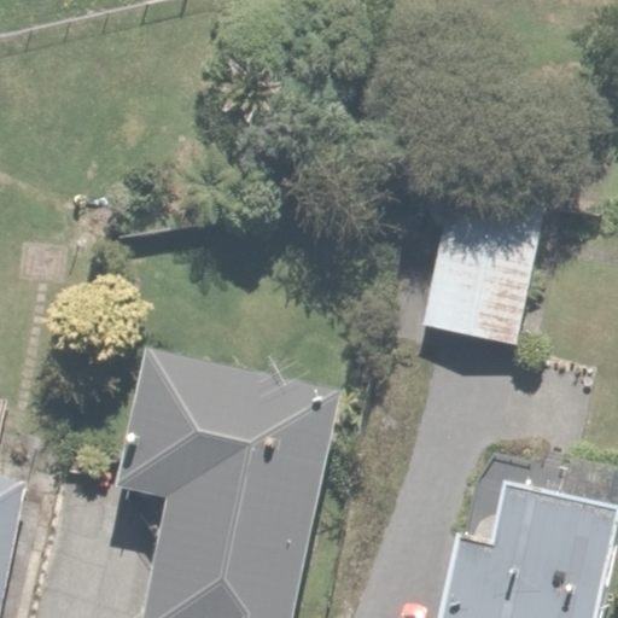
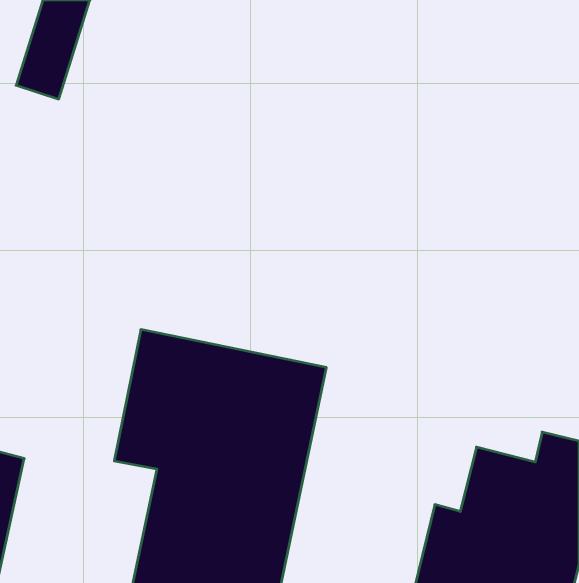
building: [416,186,544,348] -> none

